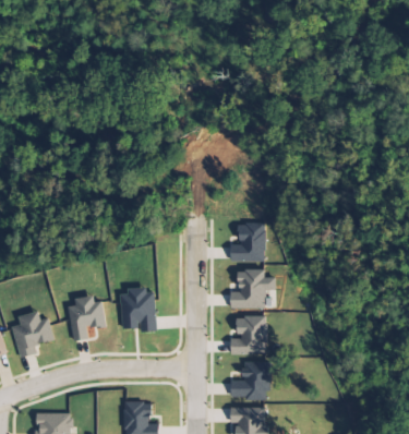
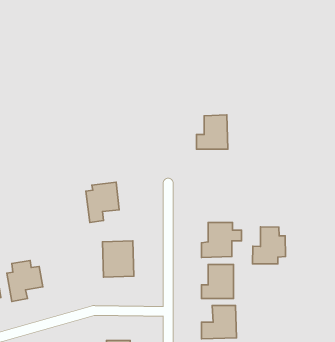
building: [229,222,264,261] -> [196,115,228,149]
building: none -> [253,227,285,264]
building: [67,297,104,341] -> [86,182,119,222]

